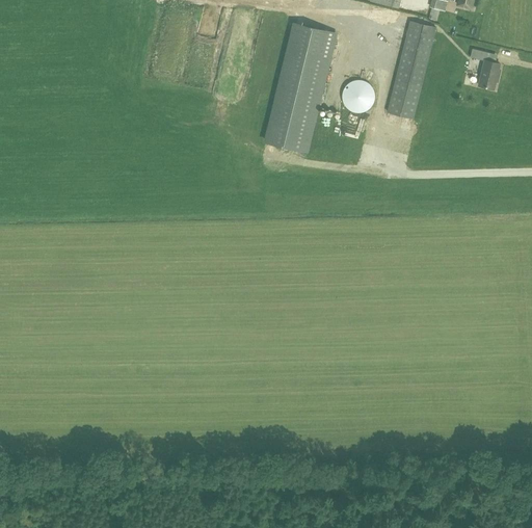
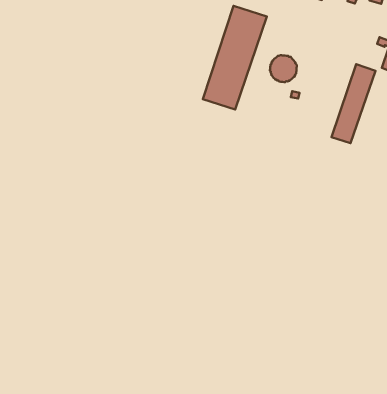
building: [389,21,435,117] -> [331,64,375,143]

